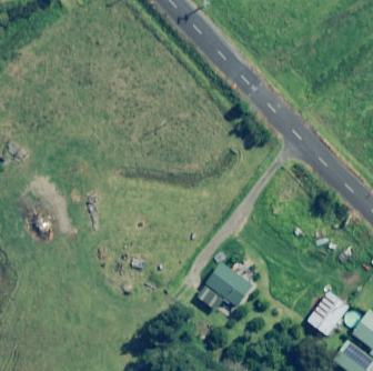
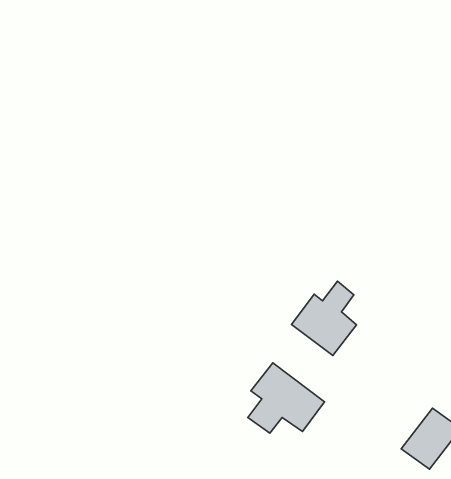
building: none -> [292,281,357,356]

